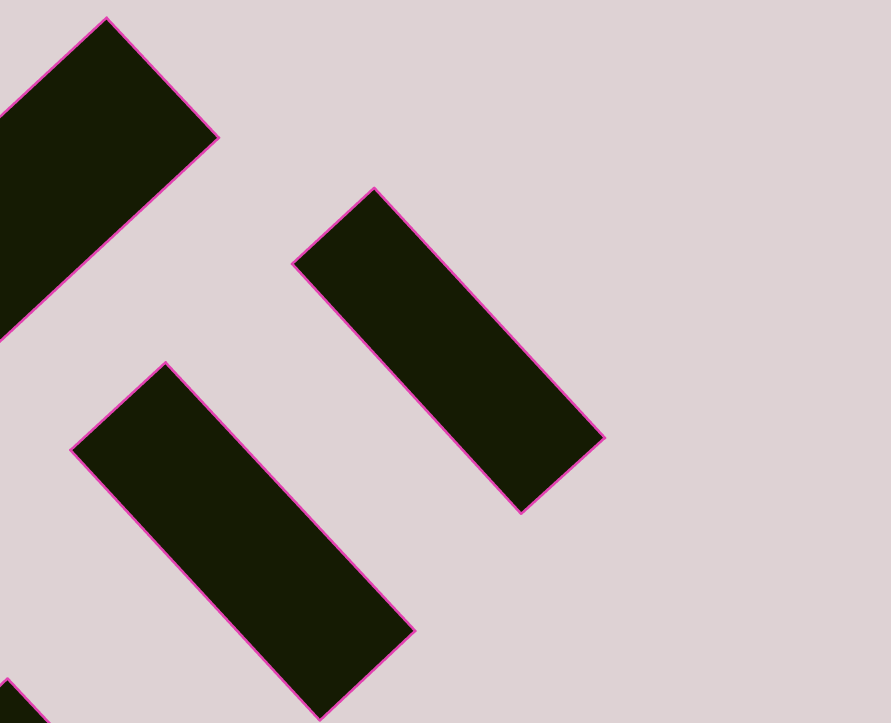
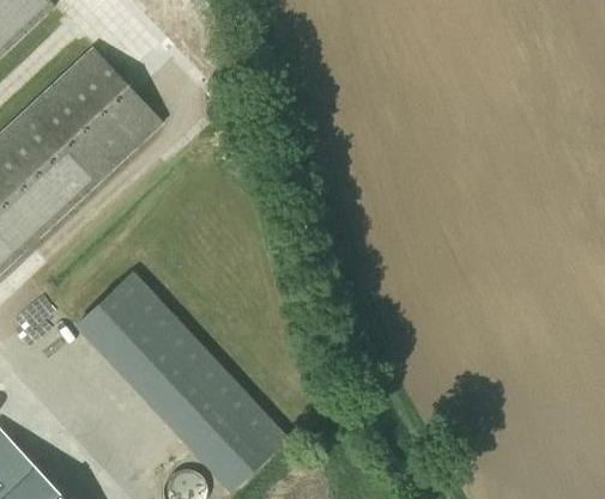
building: [292,188,605,514] -> none

